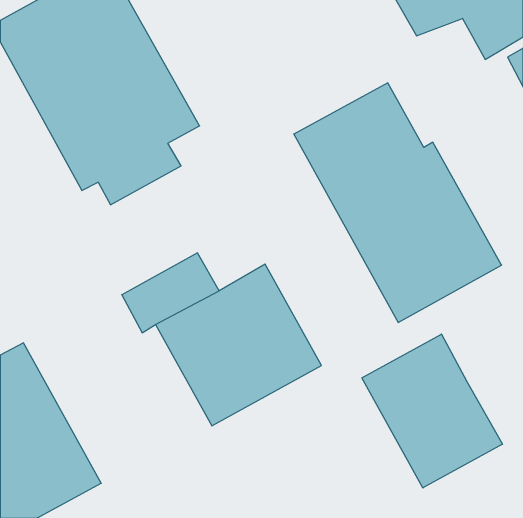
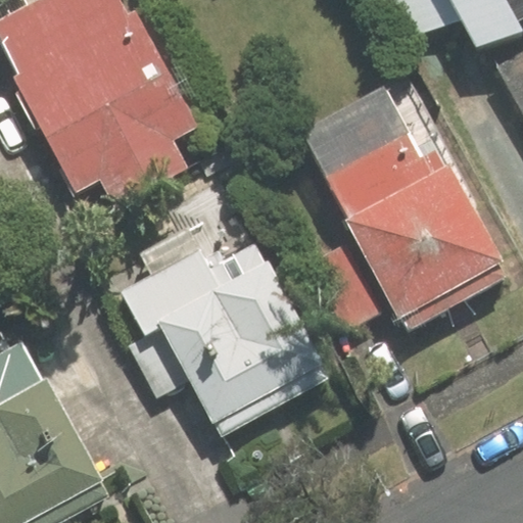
building: [362,334,502,488] -> none

